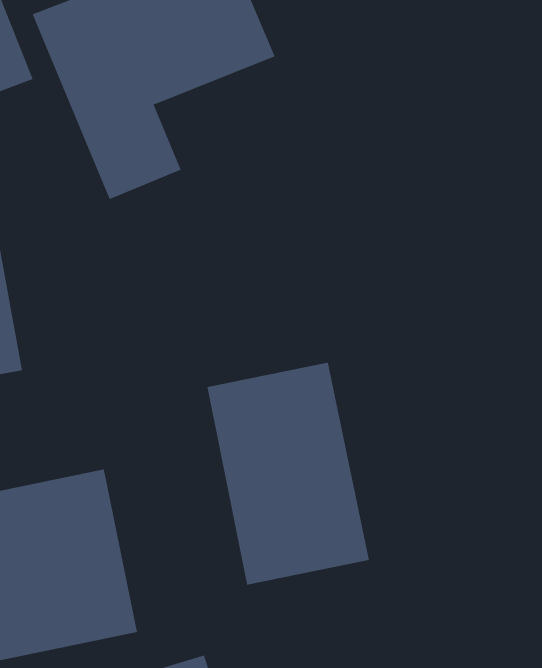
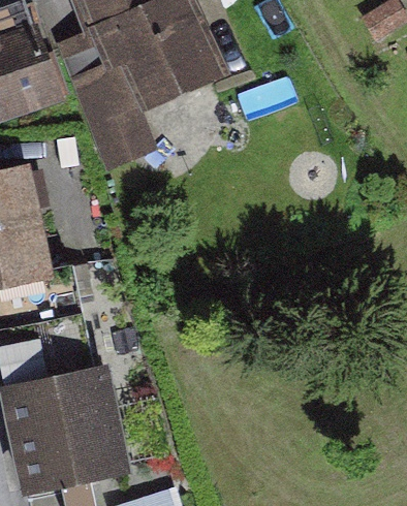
building: [207,362,369,586] -> none

